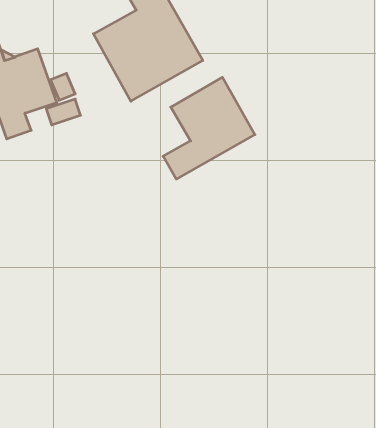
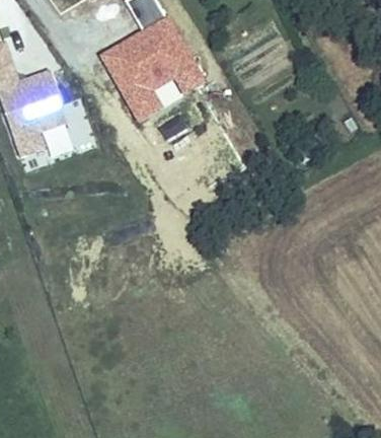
building: [163,77,255,179] -> none

